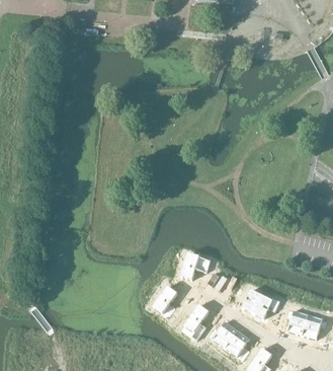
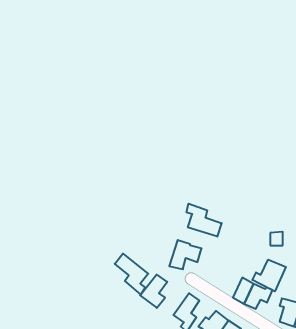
building: none -> [187,204,222,237]
building: none -> [115,254,148,295]
building: none -> [252,260,286,291]

